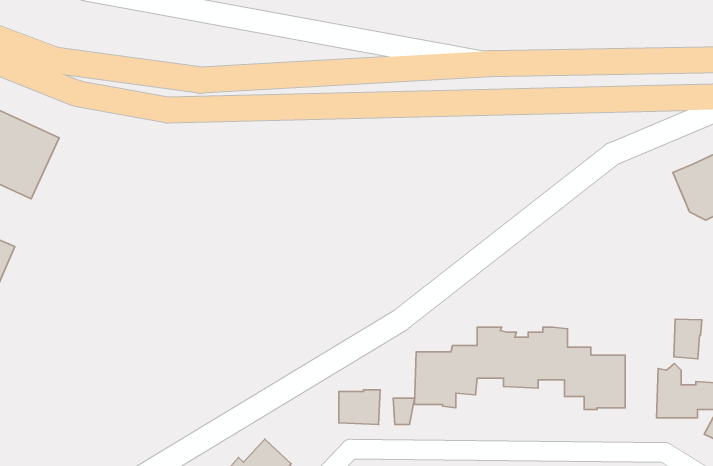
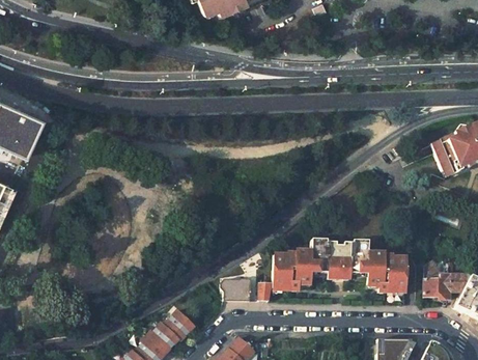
building: [674,319,702,359] -> none

